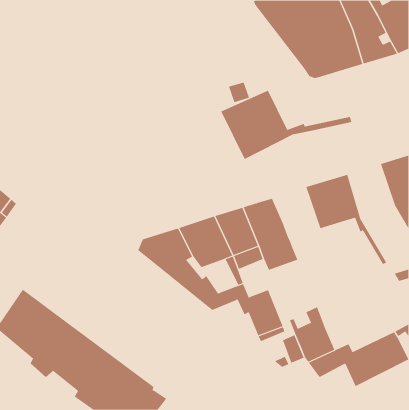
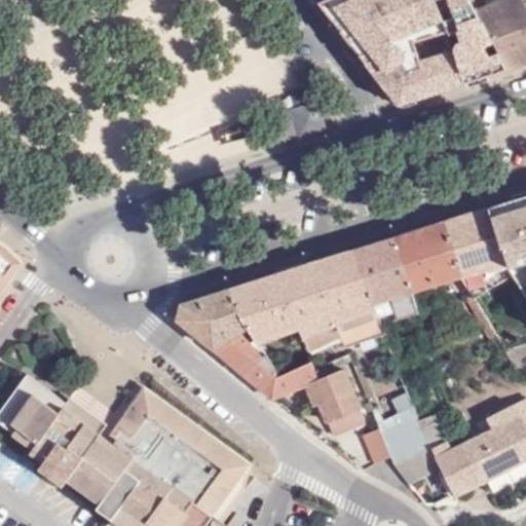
building: [221,90,352,160] -> none
building: none -> [445,210,504,298]
building: none -> [348,239,416,322]
building: none -> [109,384,256,511]

